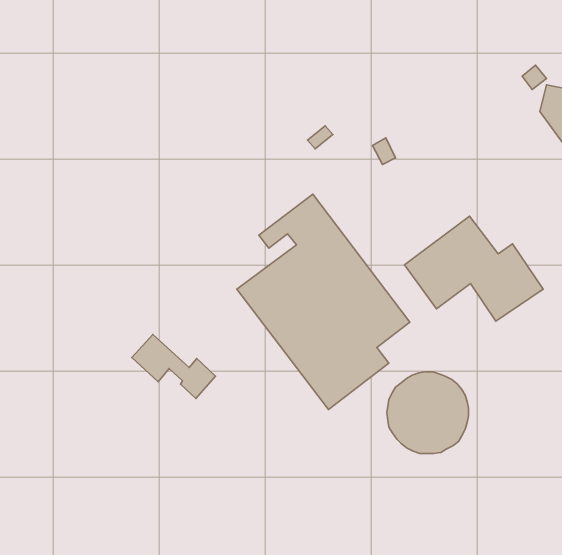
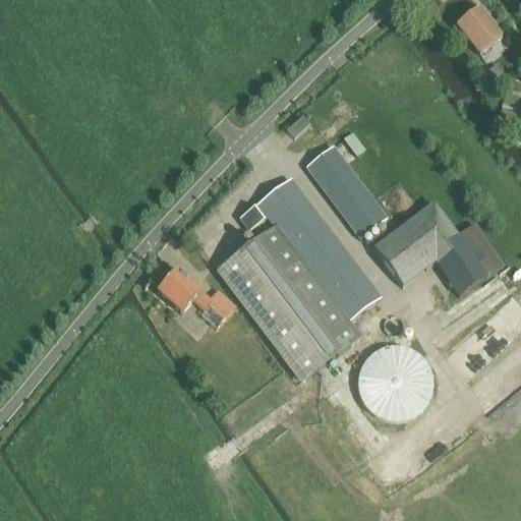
building: none -> [456,8,500,53]
building: none -> [307,147,387,237]
building: [132,334,216,398] -> [158,268,235,327]

